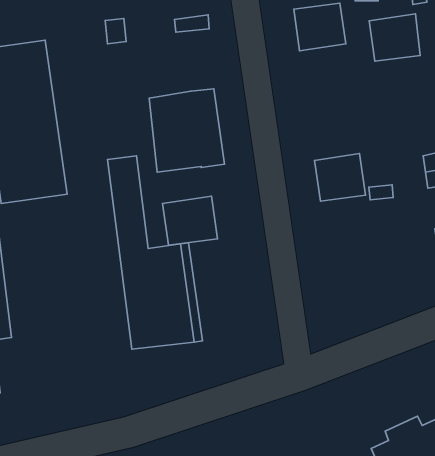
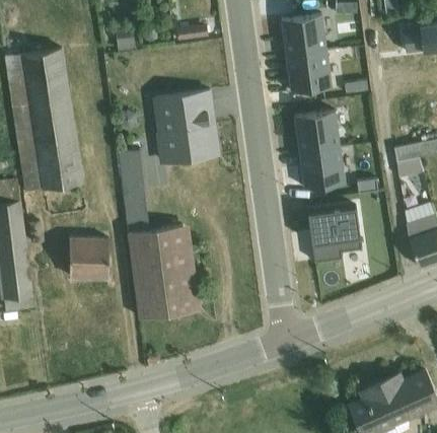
building: [369,14,420,61] -> [286,51,331,92]
building: none -> [294,112,339,153]
building: [163,196,218,245] -> none
building: none -> [307,207,361,263]
building: none -> [69,238,108,279]

